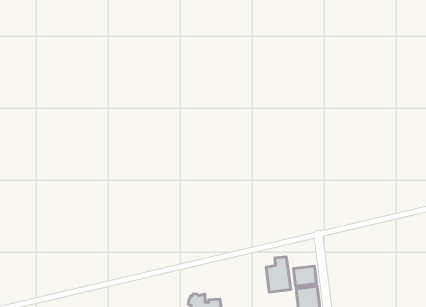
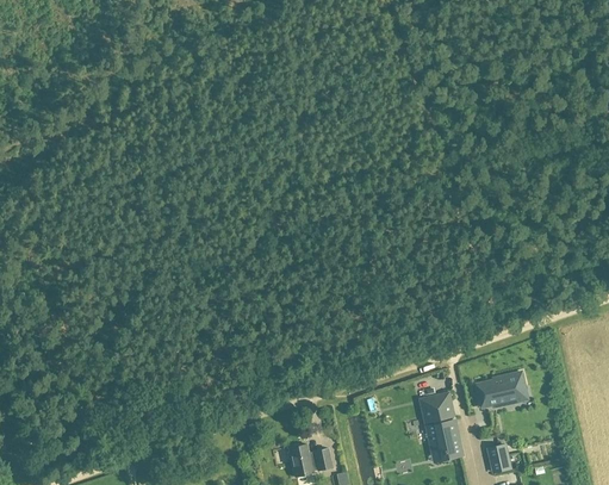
building: none -> [476,372,527,408]
building: [266,257,291,292] -> none

